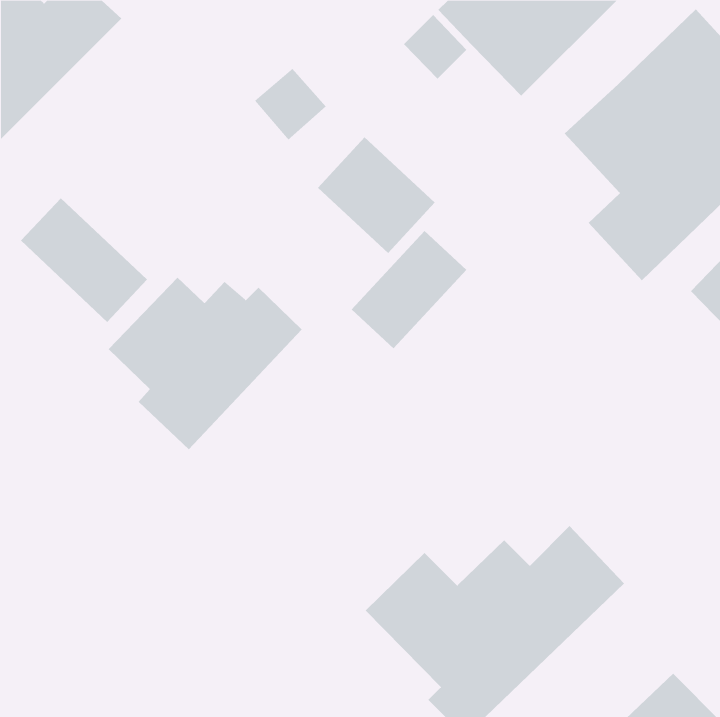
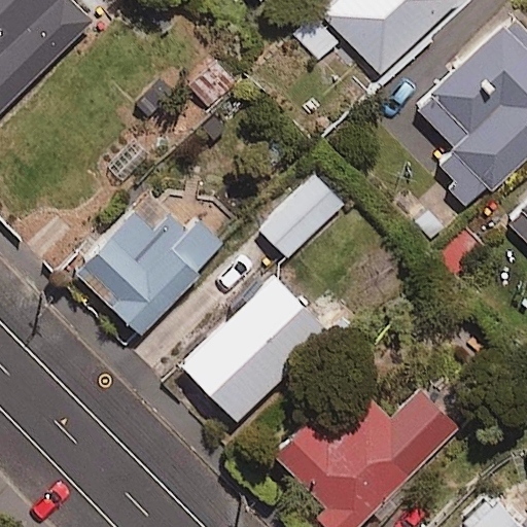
building: [317,137,436,254] -> none
building: [20,197,148,323] -> none
building: none -> [180,272,332,422]

